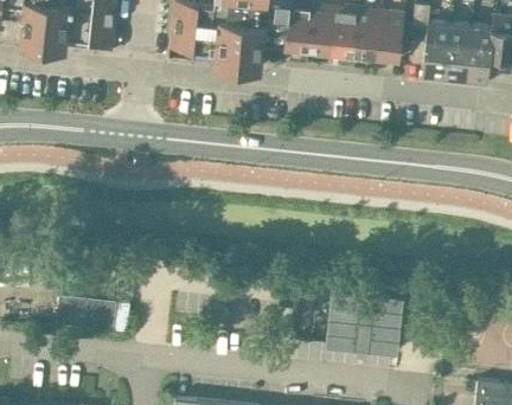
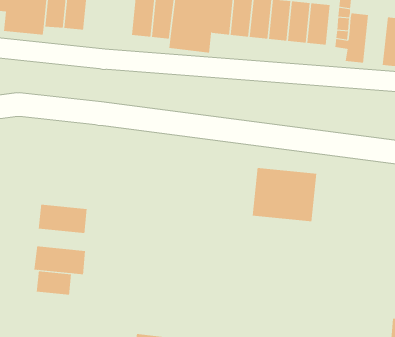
building: [443,25,471,84] -> none
building: none -> [38,204,87,234]
building: [326,289,403,353] -> [252,168,317,222]
building: none -> [36,270,71,295]

